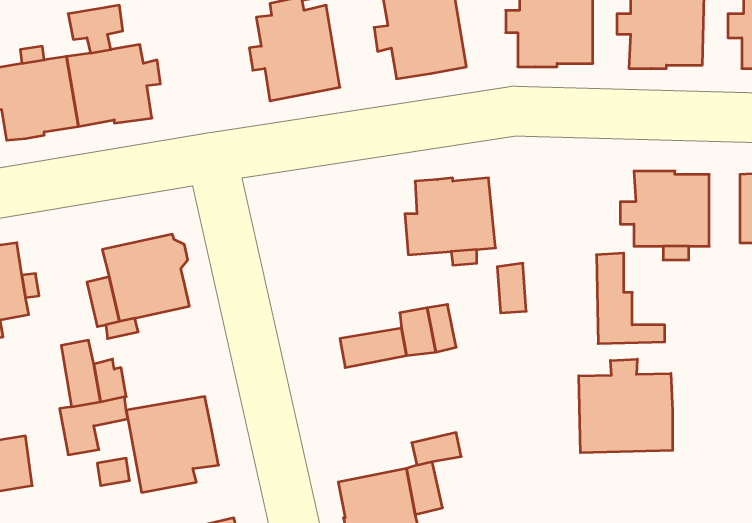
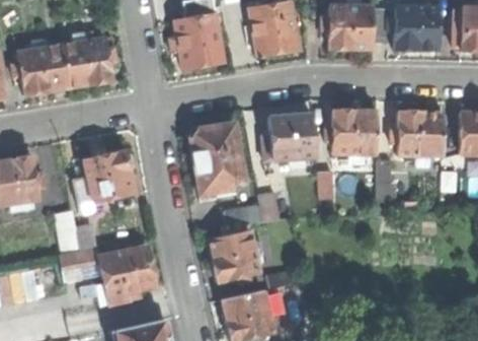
building: none -> [324,112,377,155]
building: none -> [189,125,244,199]
building: [579,359,673,453] -> none
building: none -> [208,228,258,283]

